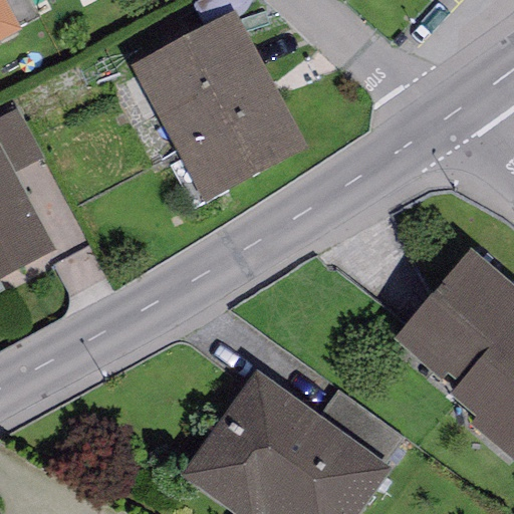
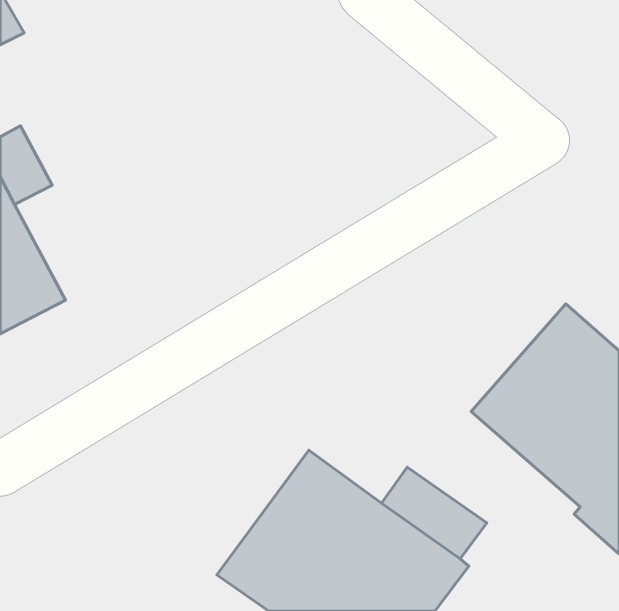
building: [132,10,306,202] -> none

